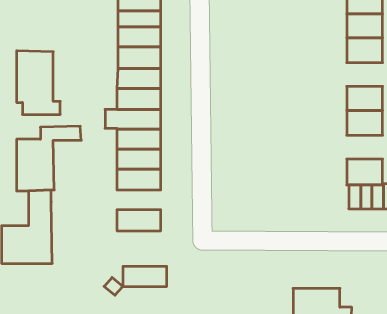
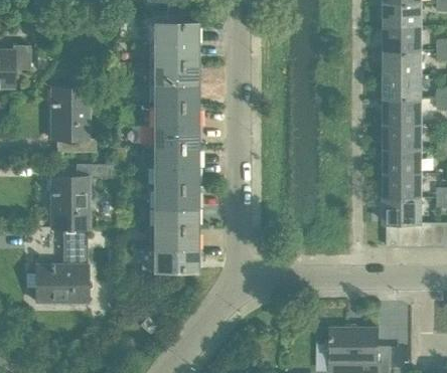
building: none -> [385,99,421,123]
building: none -> [385,172,421,196]
building: [123,266,167,286] -> [152,227,196,247]

